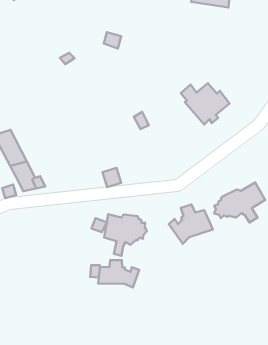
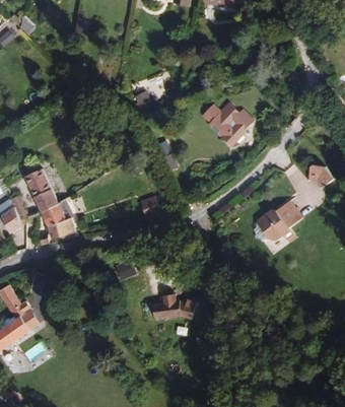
building: [169,205,213,244] -> none
building: [104,214,147,256] -> none

